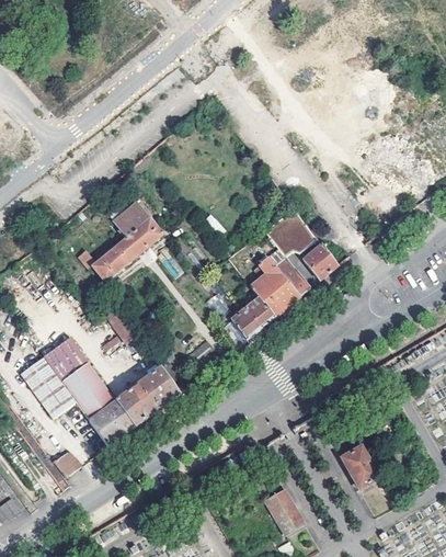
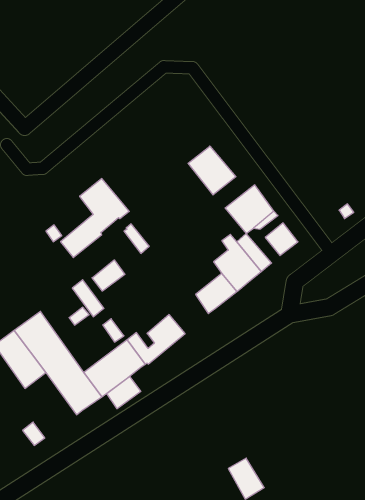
building: none -> [188,146,236,195]
building: none -> [92,260,125,291]
building: none -> [107,376,141,409]
building: [342,445,379,487] -> none

